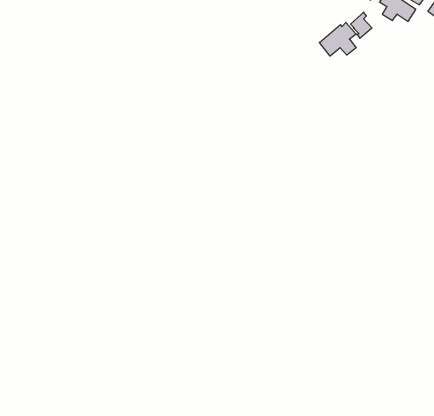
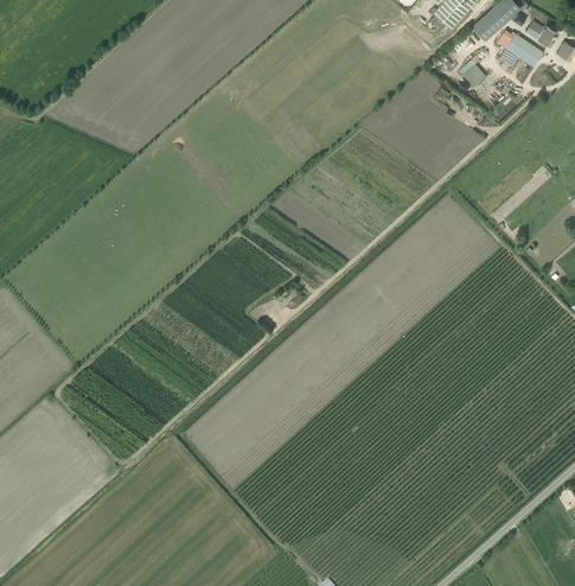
building: [319,22,356,56] -> none

